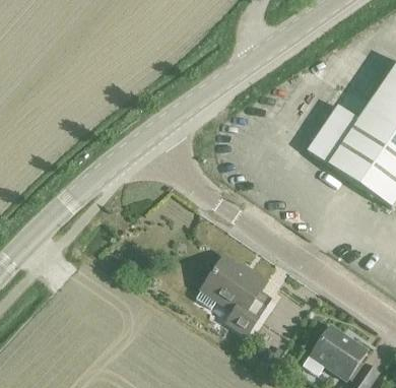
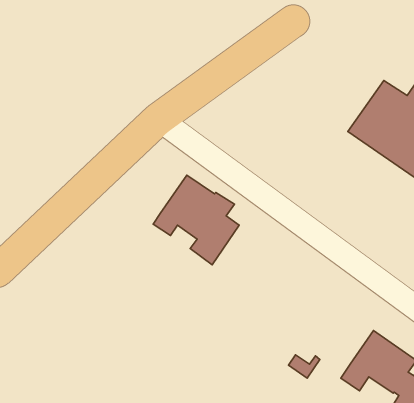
building: [195,254,270,332] -> [153,175,239,265]

